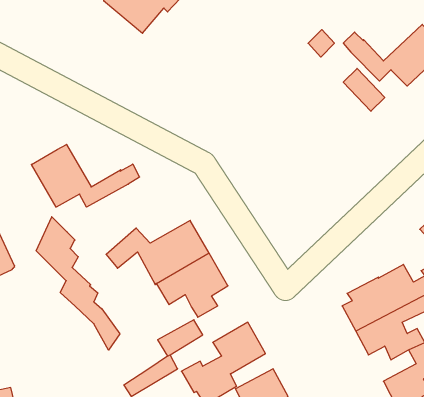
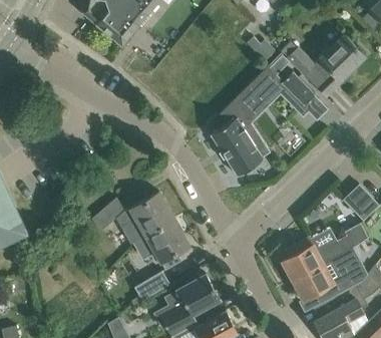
building: none -> [210,66,276,176]
building: [31,144,140,207] -> none
building: [36,217,120,350] -> none

